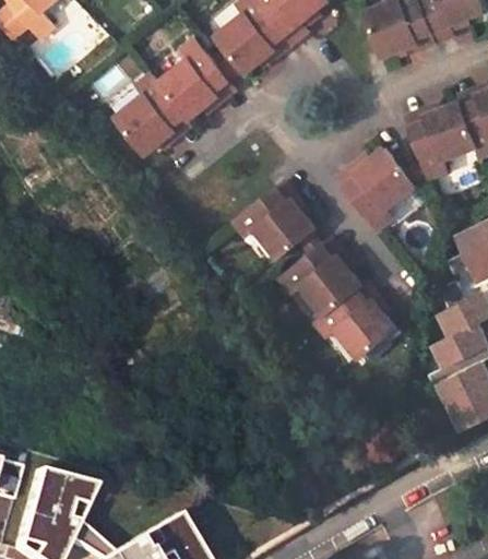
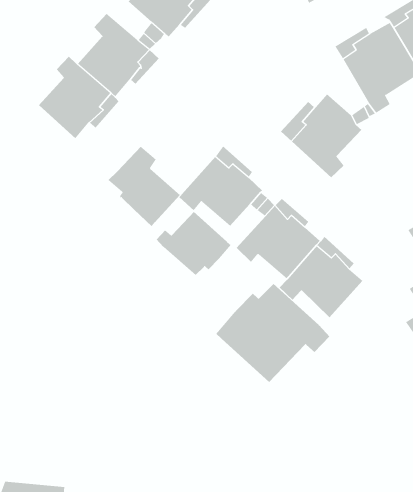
building: none -> [108,146,181,227]
building: none -> [156,211,231,276]
building: none -> [215,283,330,383]

